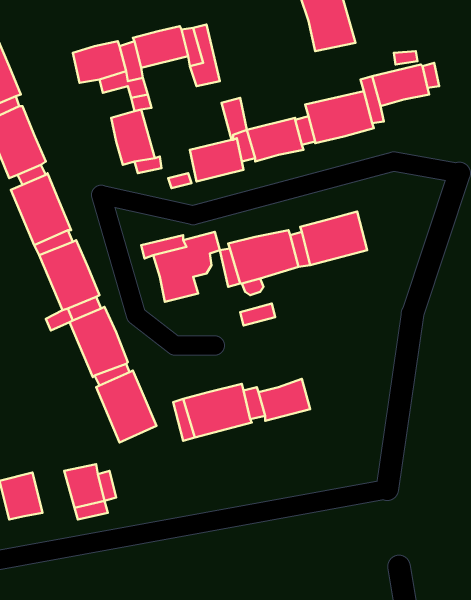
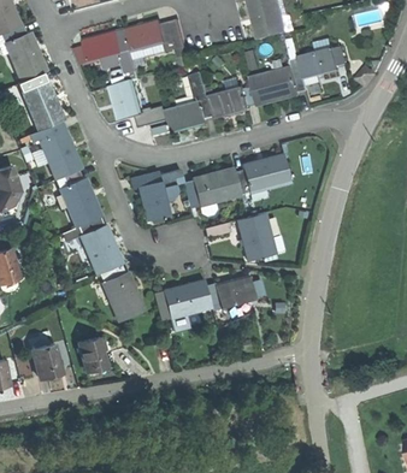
building: none -> [241,213,279,261]

